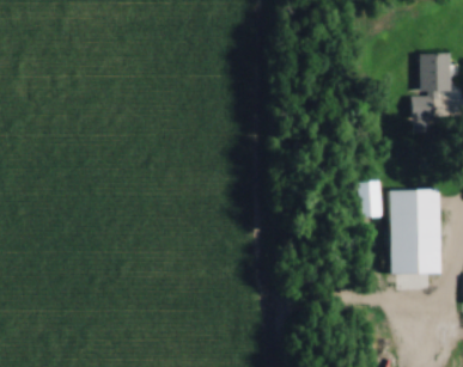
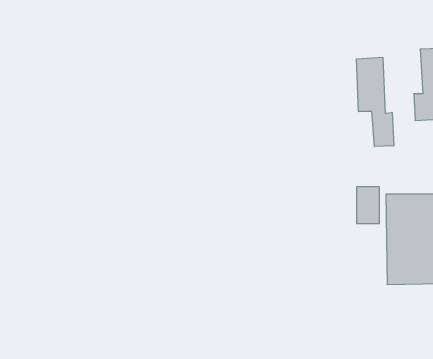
building: none -> [357,57,394,147]

